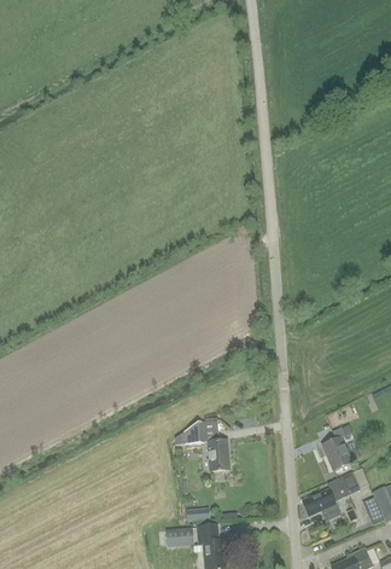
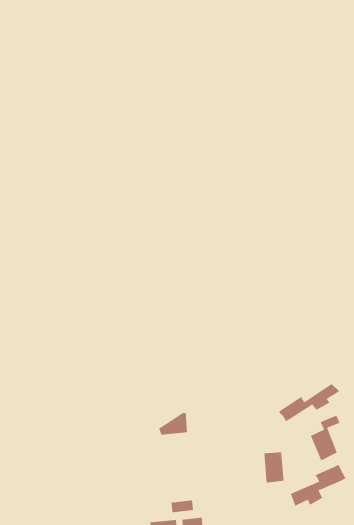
building: none -> [278,383,340,422]
building: [208,440,228,471] -> [263,452,284,484]

